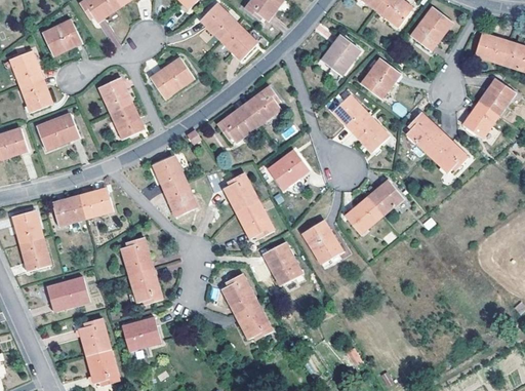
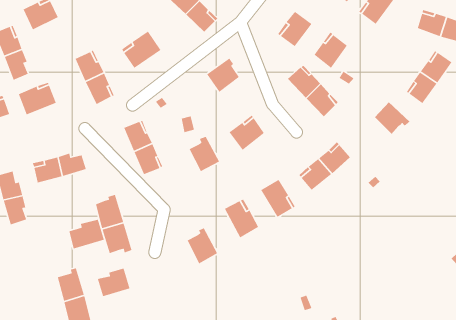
building: [217,105,257,142] -> none
building: [406,113,444,152] -> none
building: [237,201,273,237] -> none
building: [48,277,88,311] -> [69,219,105,250]
building: [235,302,272,338] -> none

